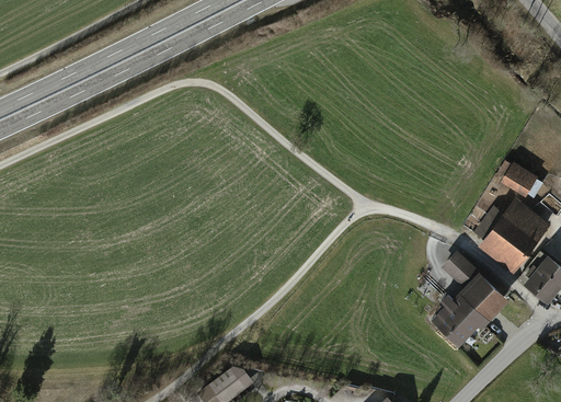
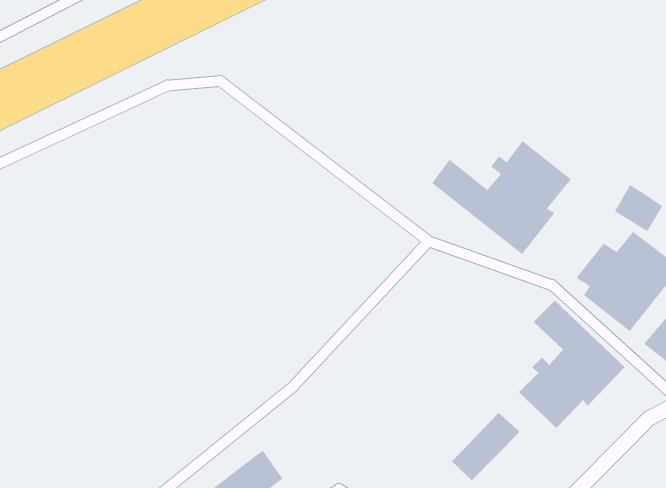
building: none -> [431,140,572,255]
building: none -> [451,412,520,481]

